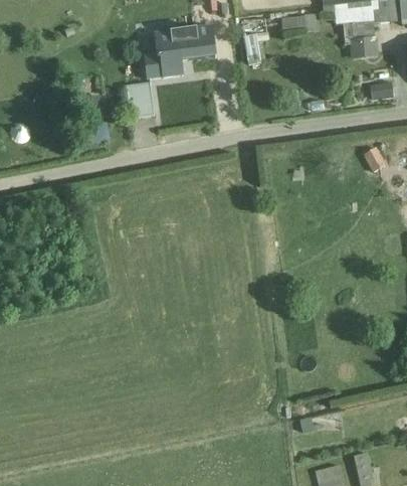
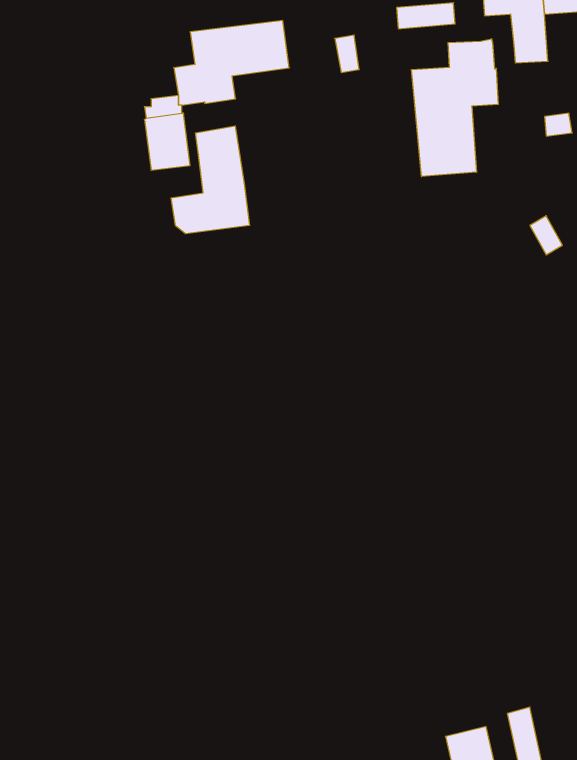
building: none -> [412,39,498,177]
building: none -> [171,126,250,234]

